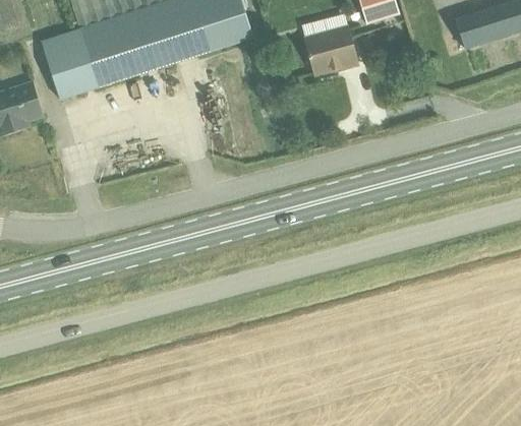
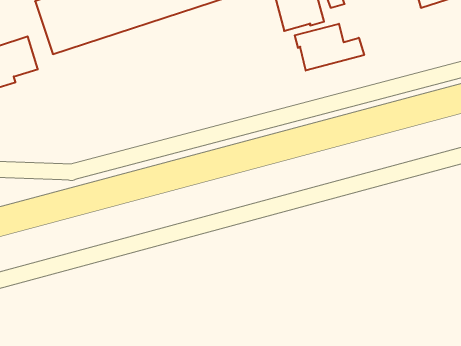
building: none -> [295,24,364,71]

